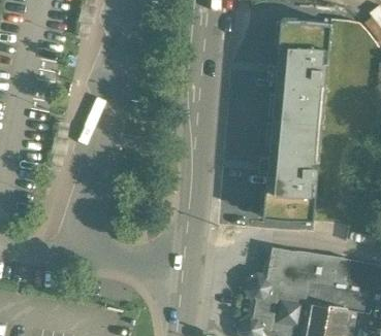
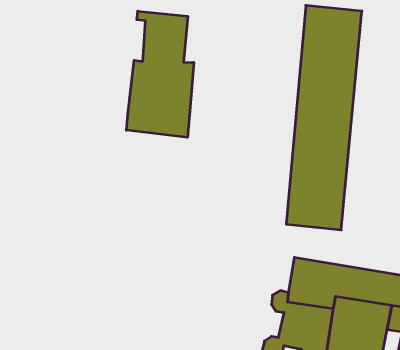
building: none -> [126,11,194,137]

